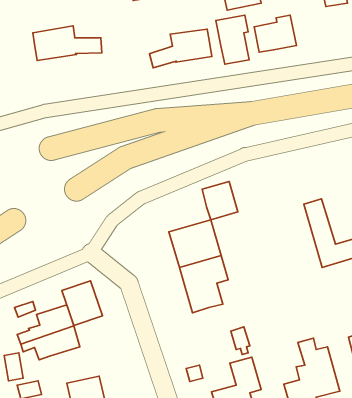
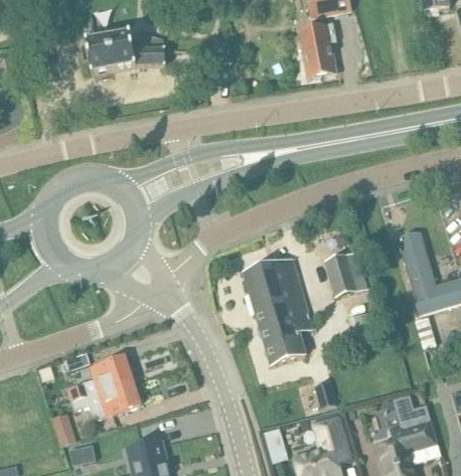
building: [254,15,296,52] -> none
building: [150,29,212,68] -> none
building: [202,181,238,220] -> [325,251,366,295]
building: [62,281,102,326] -> none

